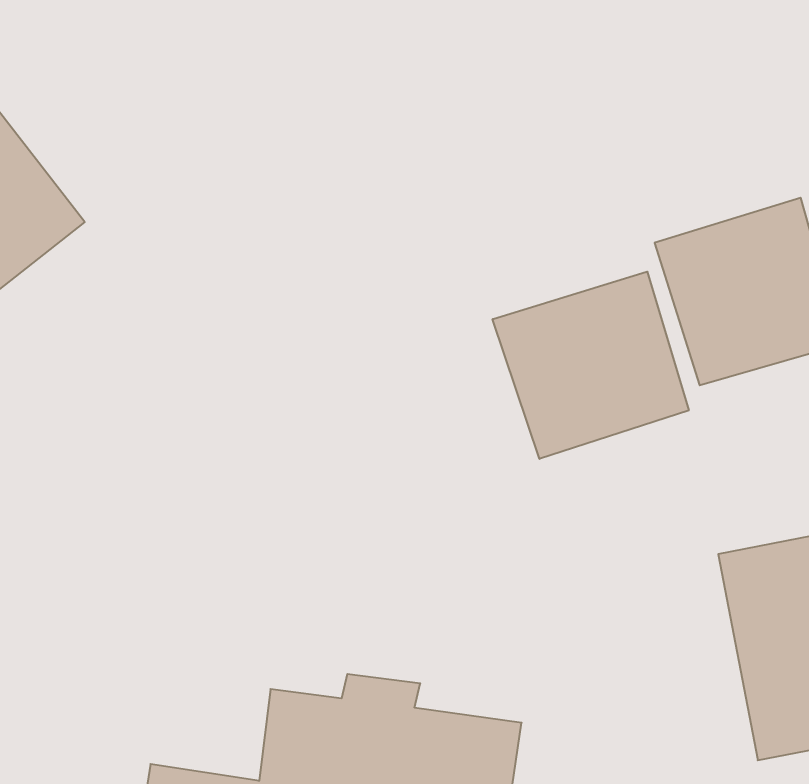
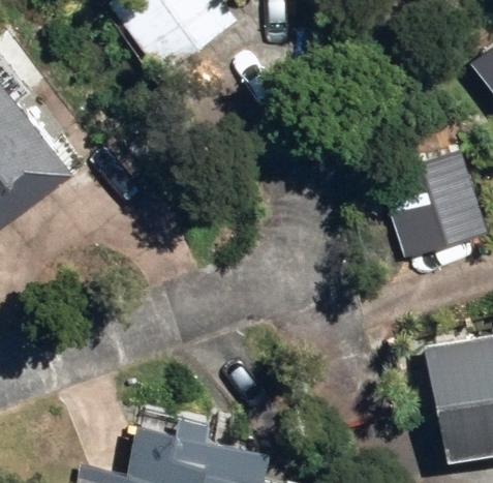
building: [493,272,689,459] -> none

